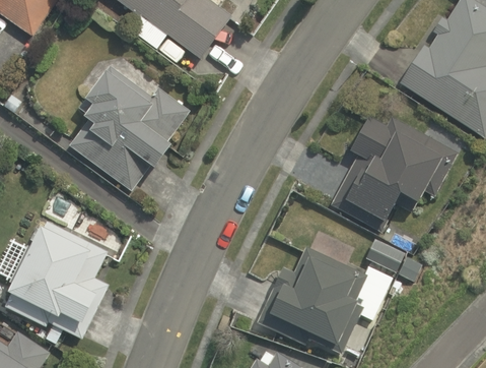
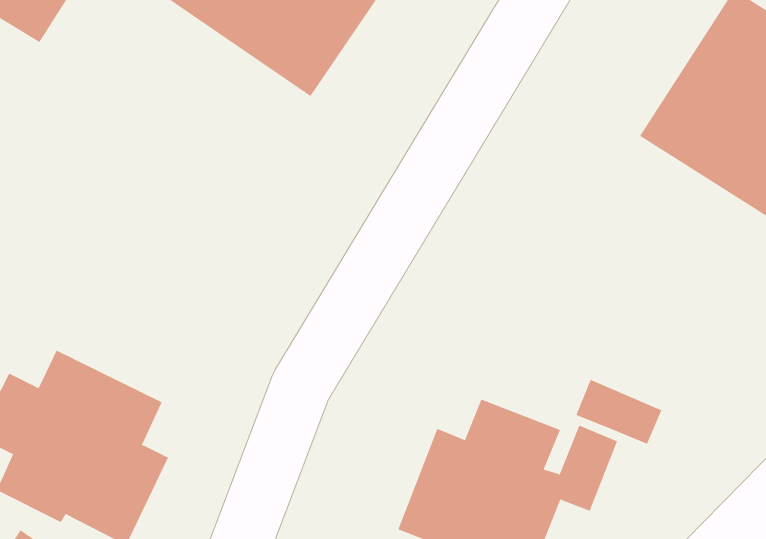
building: [70,68,197,192] -> none
building: [346,107,445,227] -> none

